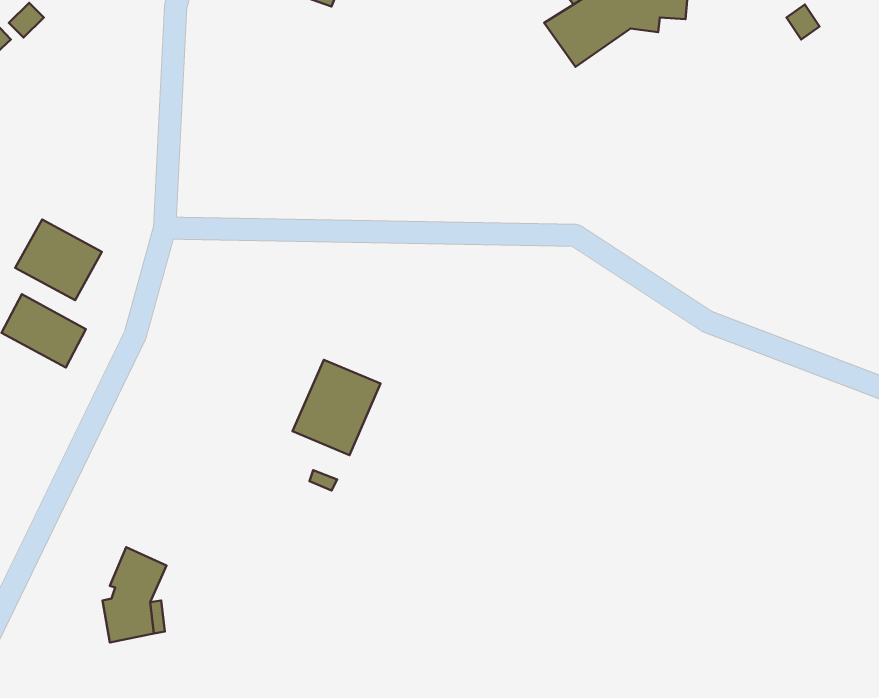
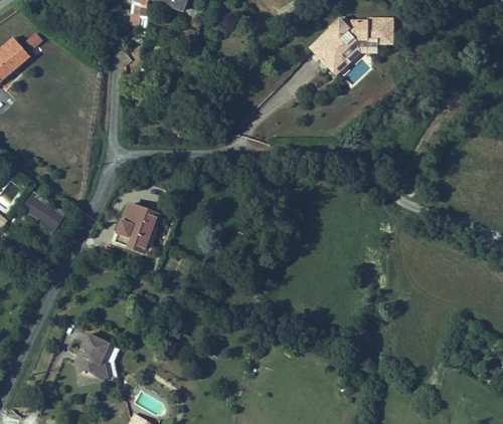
building: [15,219,102,300] -> none
building: [293,360,381,455] -> [114,203,162,255]

